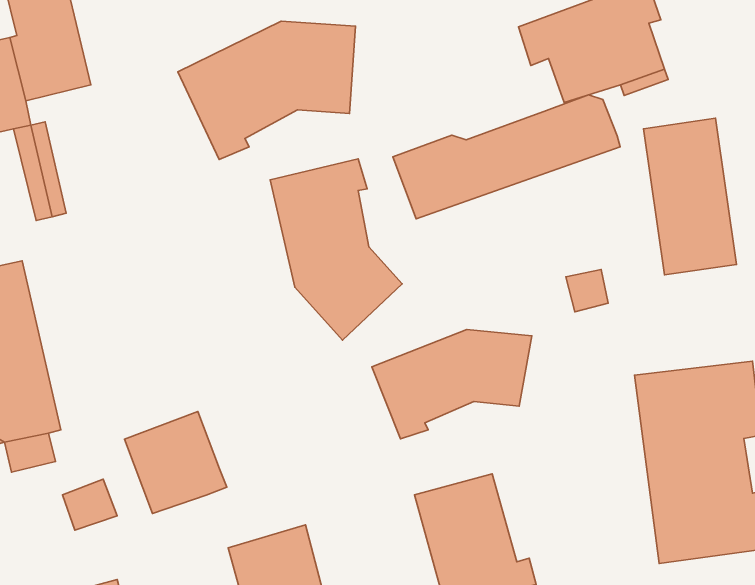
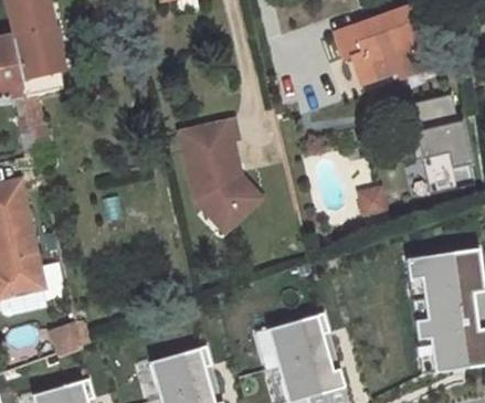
building: [178,21,356,159] -> none
building: [393,95,620,219] -> none
building: [372,330,532,439] -> none
building: [125,411,227,513] -> none

